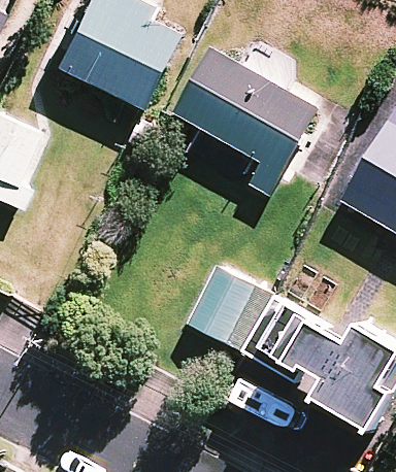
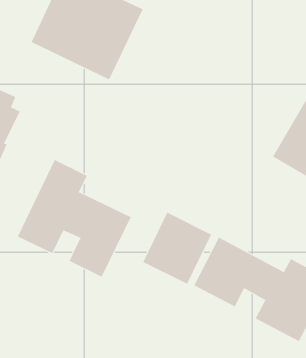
building: [175,50,318,197] -> none
building: none -> [17,159,131,277]

